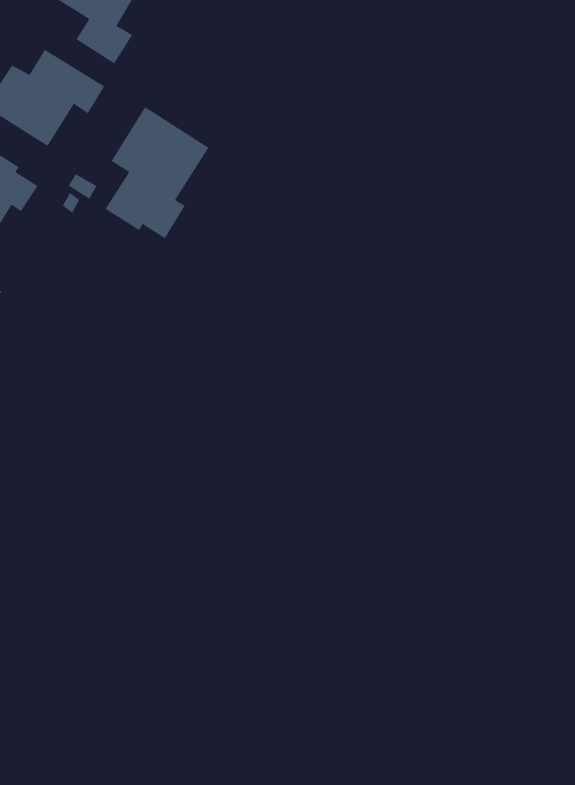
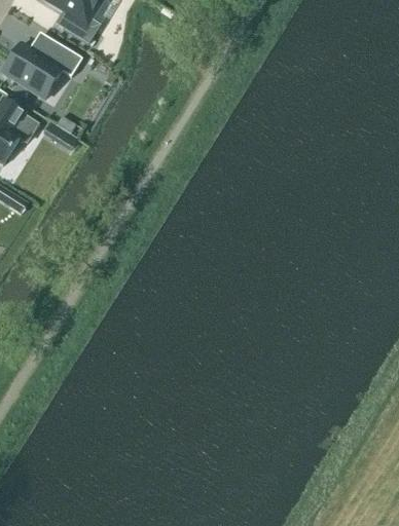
building: [105,106,209,239] -> none

